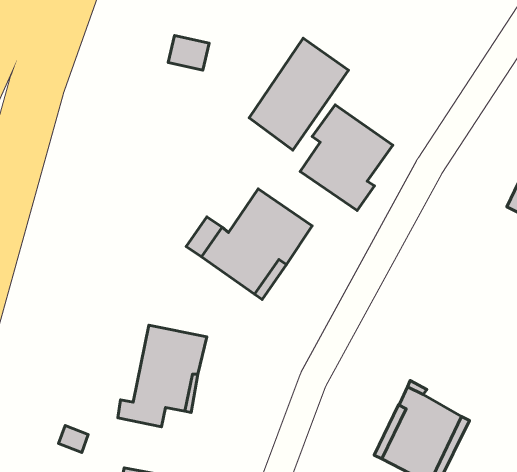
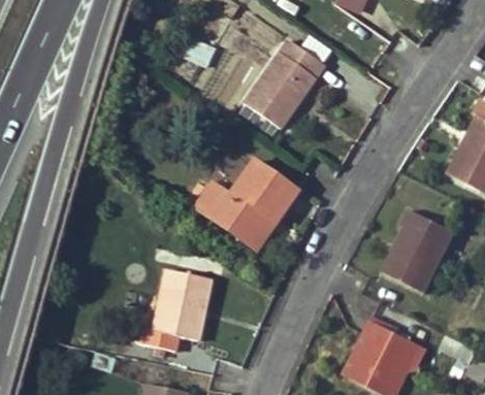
building: [300,105,393,211] -> none
building: none -> [383,209,454,292]

